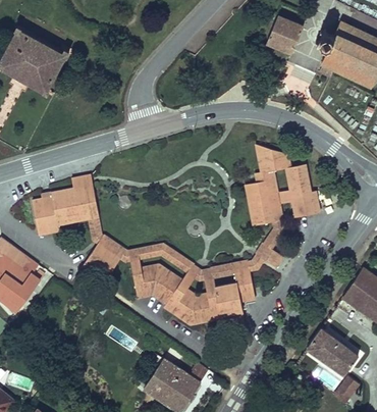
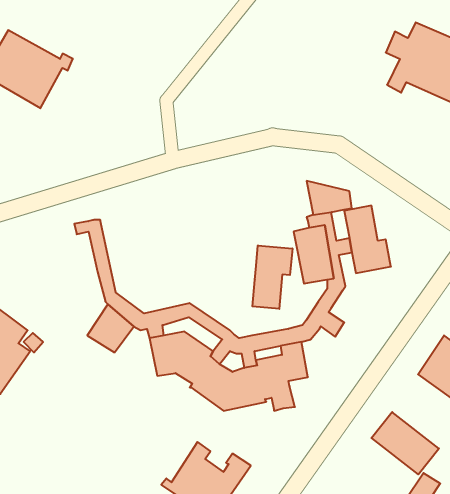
building: [267,14,306,51] -> none
building: [34,186,91,235] -> none
building: none -> [252,245,292,309]

